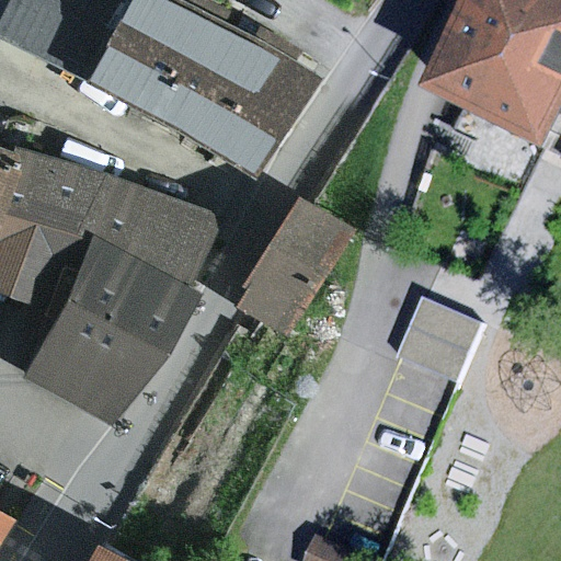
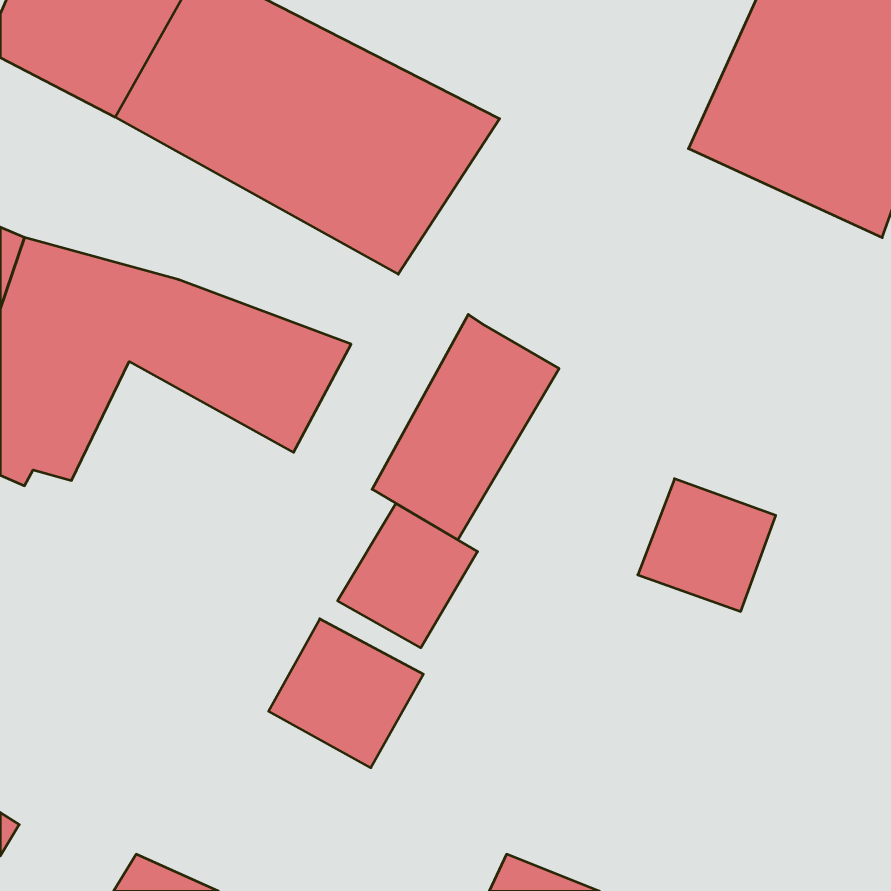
building: [11,227,194,417] -> none
building: none -> [338,503,478,648]
building: none -> [269,619,423,768]

